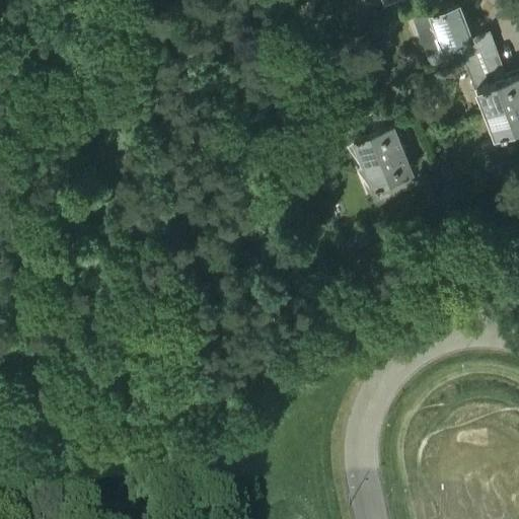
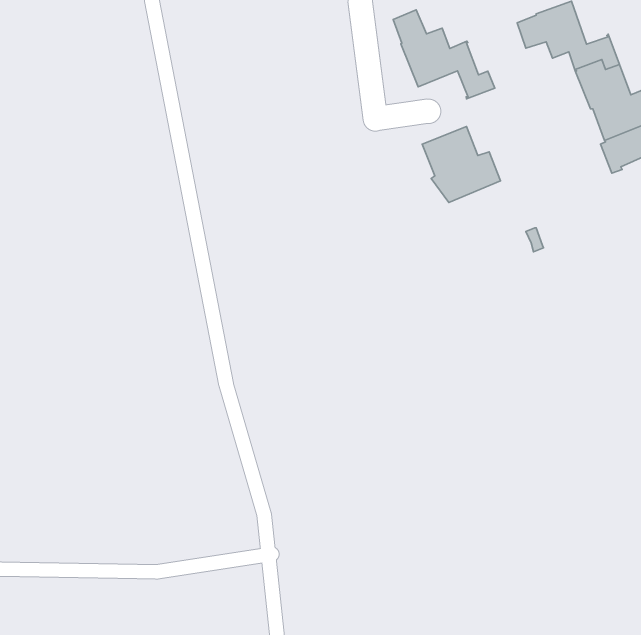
building: none -> [393,10,495,99]
building: [360,154,416,196] -> none

